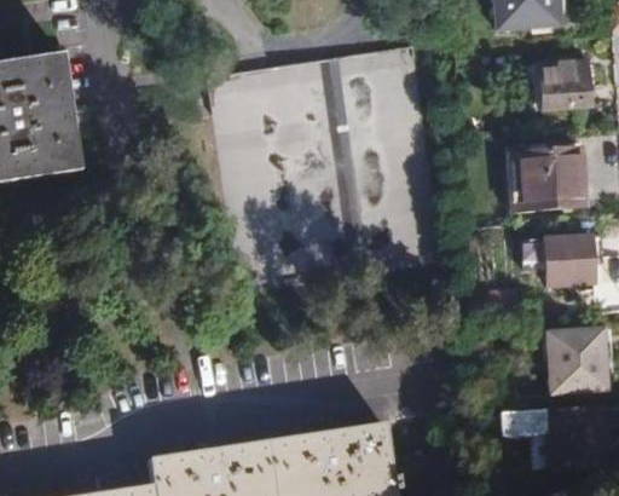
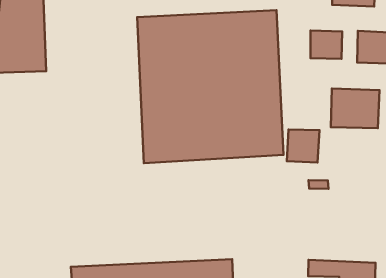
building: none -> [310,31,342,59]
building: [545,233,594,284] -> [287,130,319,163]
building: [545,327,606,392] -> none

